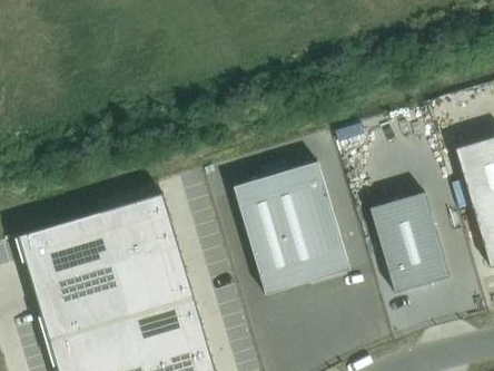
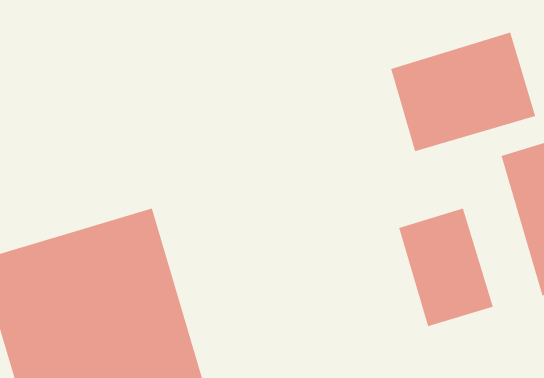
building: none -> [390,32,536,152]
building: [234,162,349,295] -> none

